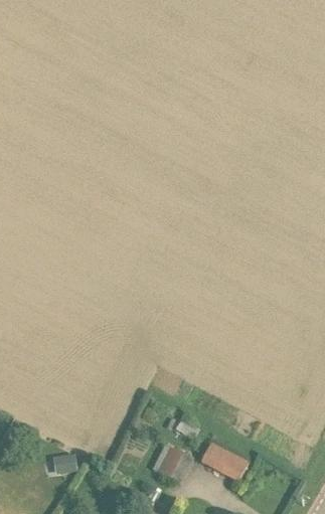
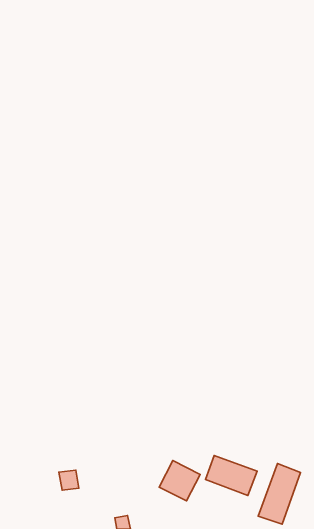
building: none -> [258,463,301,524]

